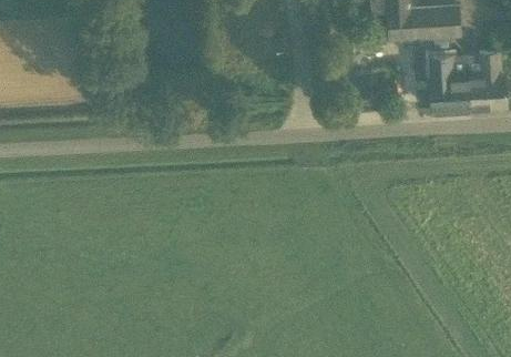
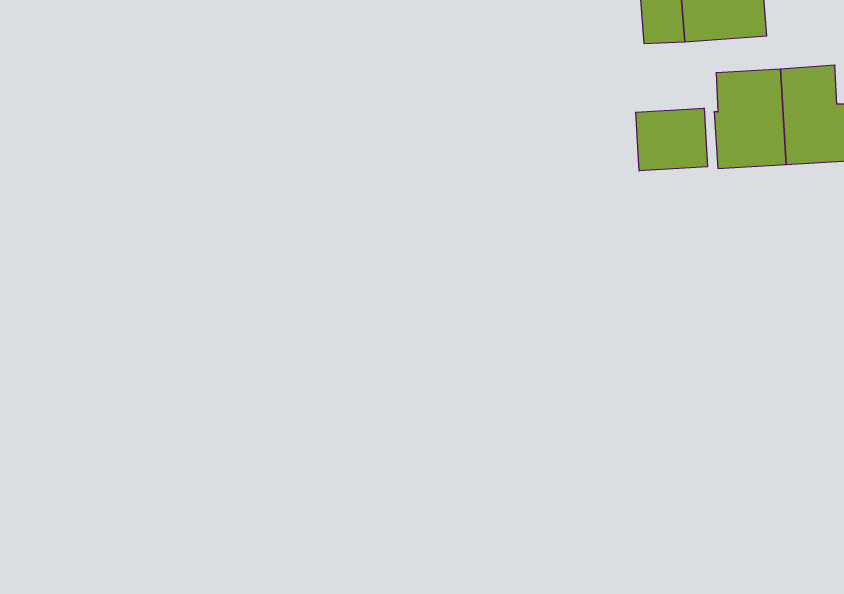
building: none -> [636,108,707,171]

